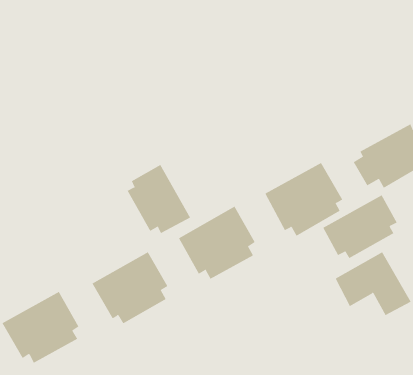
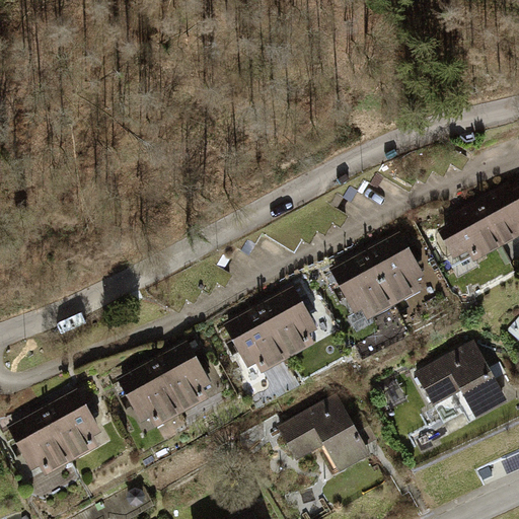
building: [127,164,191,234] -> none
building: [322,195,397,259] -> none
building: none -> [277,393,371,472]

